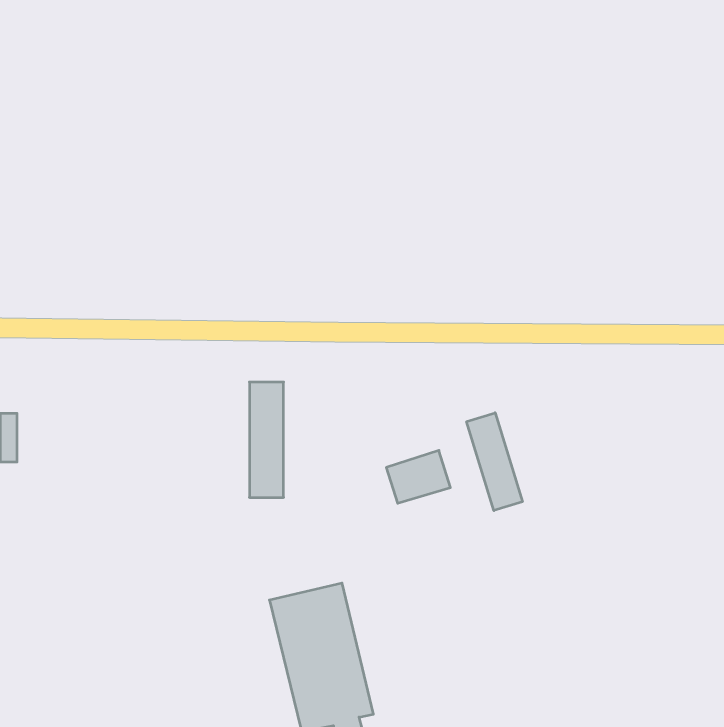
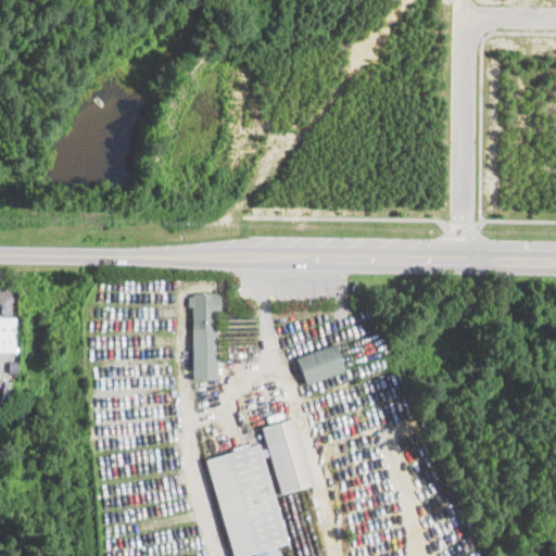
building: [467,413,522,511] -> none
building: none -> [263,419,315,494]

